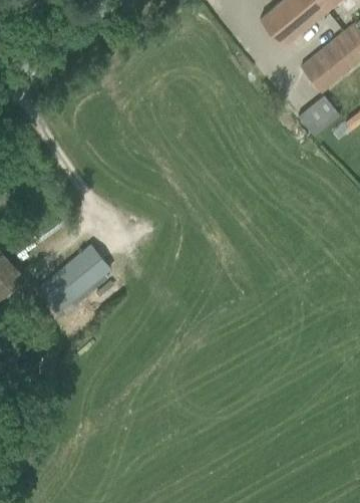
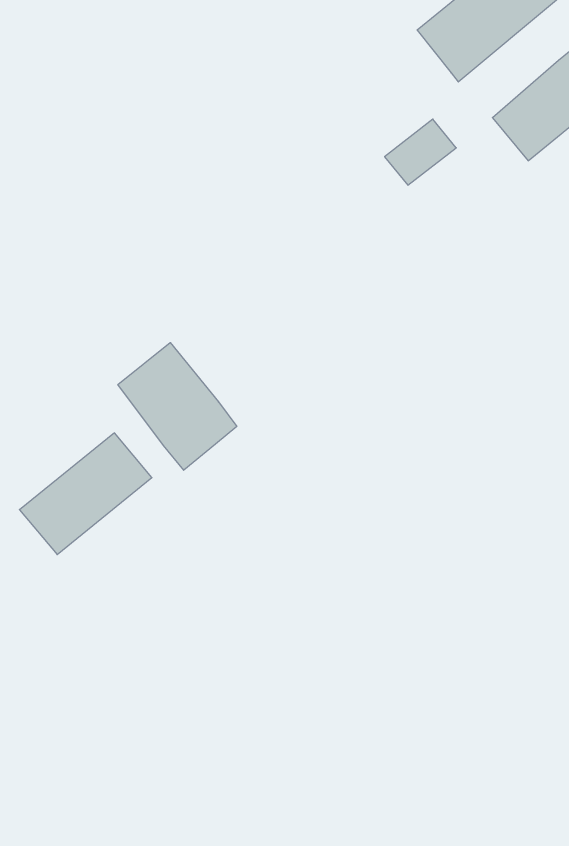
building: [298,93,338,131] -> [385,119,456,185]
building: none -> [118,343,237,470]

